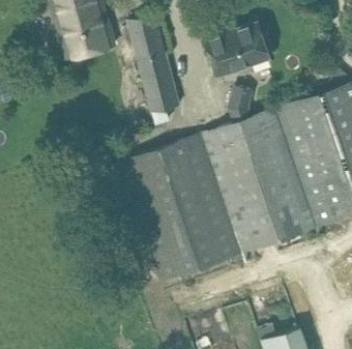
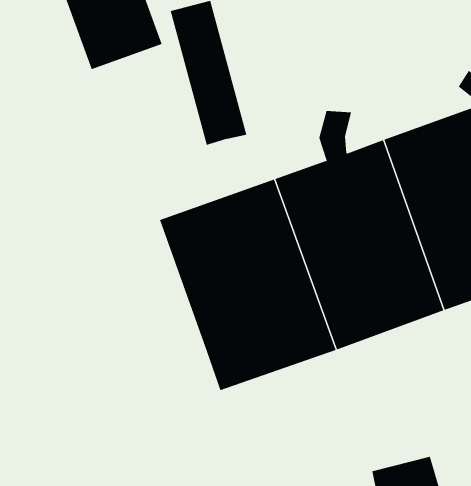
building: [205,25,271,79] -> none

